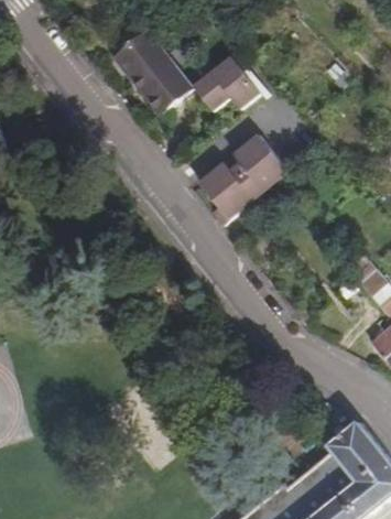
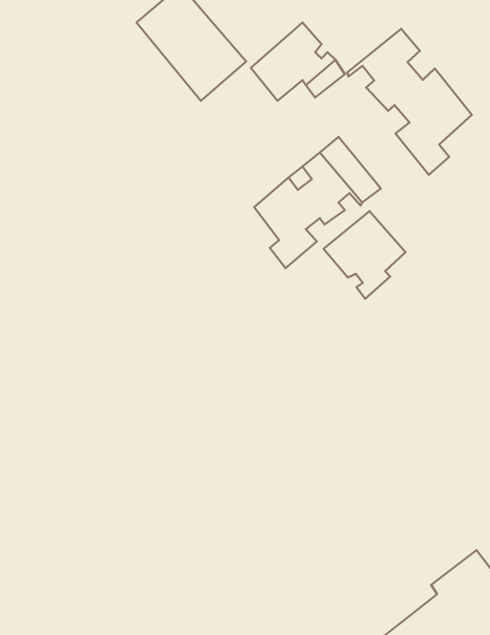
building: none -> [347,29,472,175]
building: none -> [324,211,406,299]

